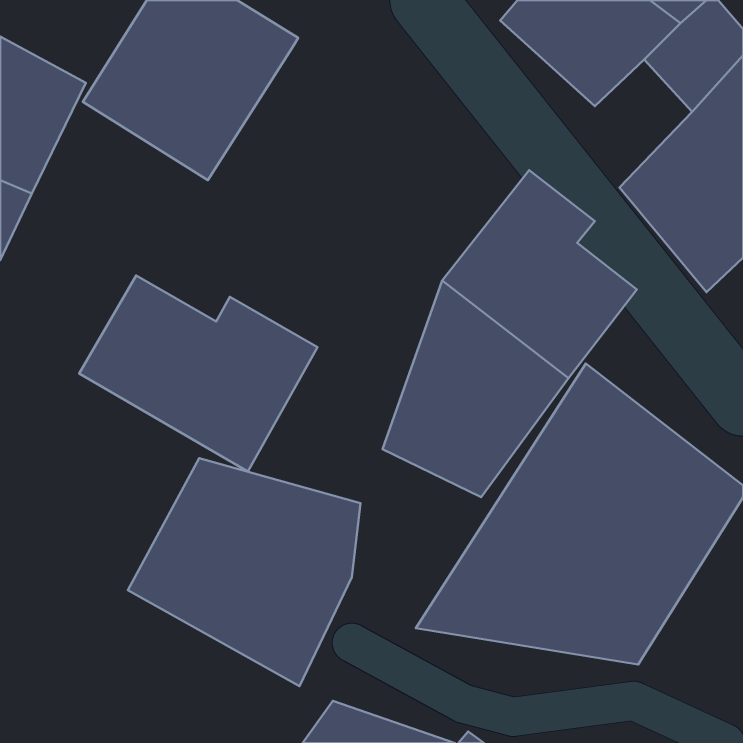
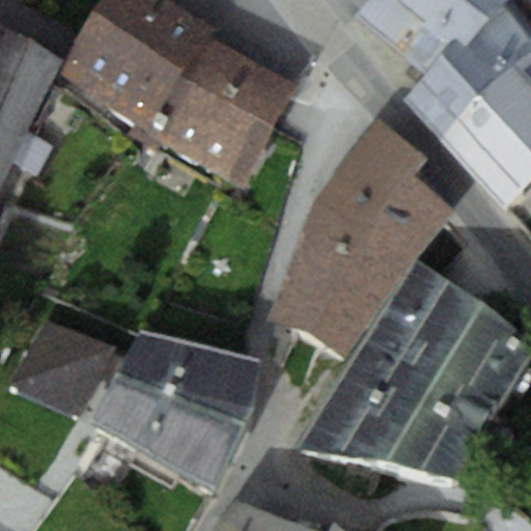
building: none -> [148,32,296,185]
building: none -> [409,43,494,134]
building: [79,276,318,472] -> none
building: none -> [11,316,114,419]

